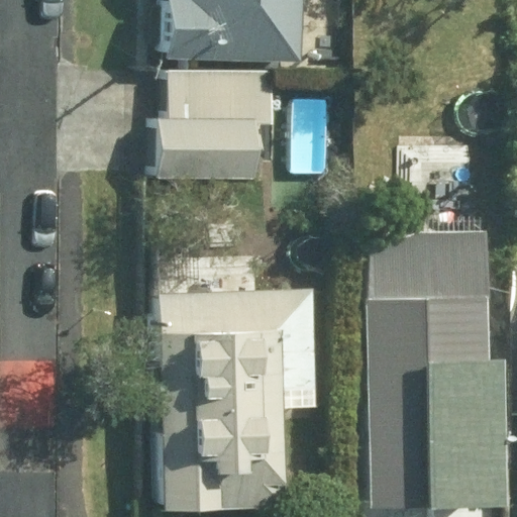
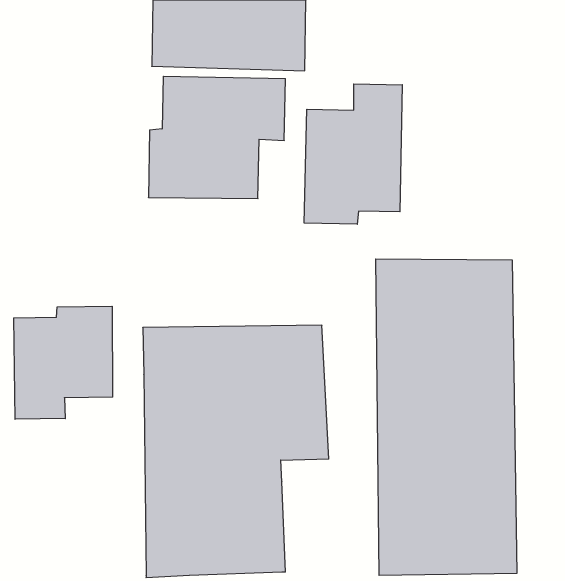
building: none -> [304,84,402,224]
building: none -> [14,306,113,419]

